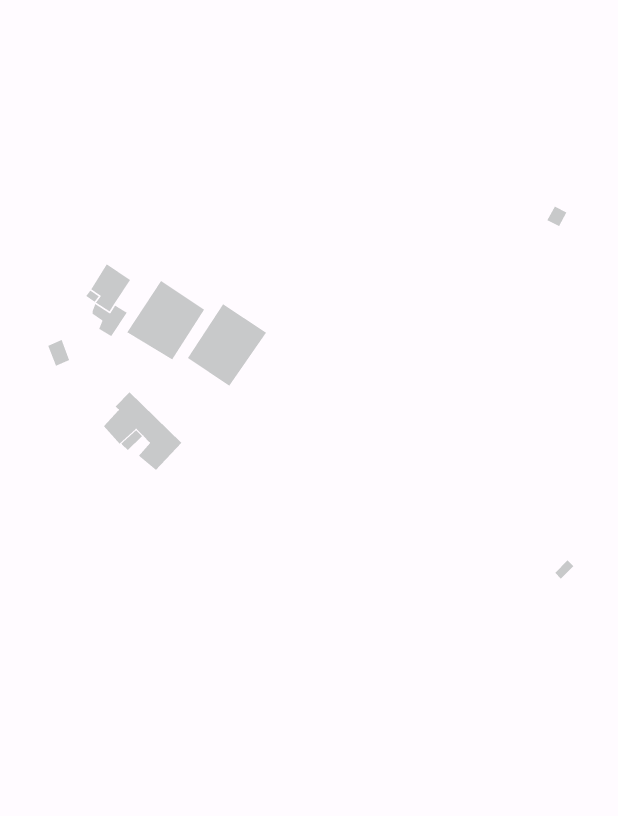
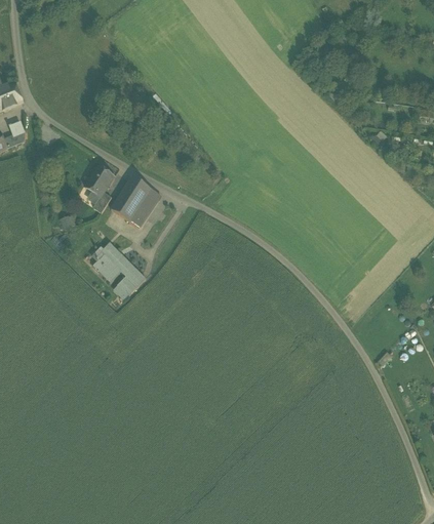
building: [187,303,267,387] -> none

